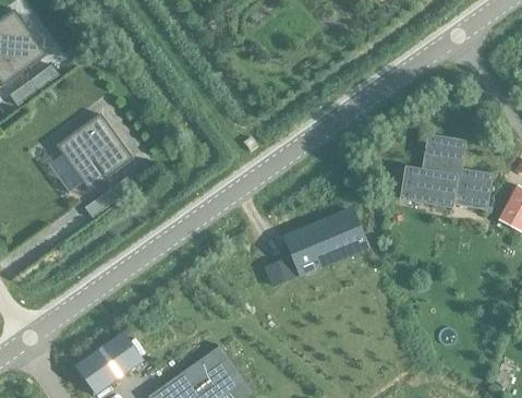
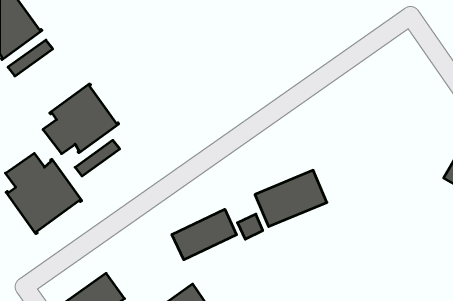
building: [402,135,491,208] -> none
building: none -> [5,153,82,234]
building: none -> [172,209,237,260]

